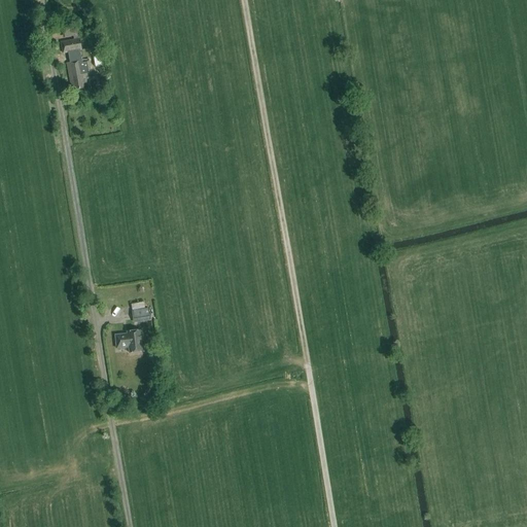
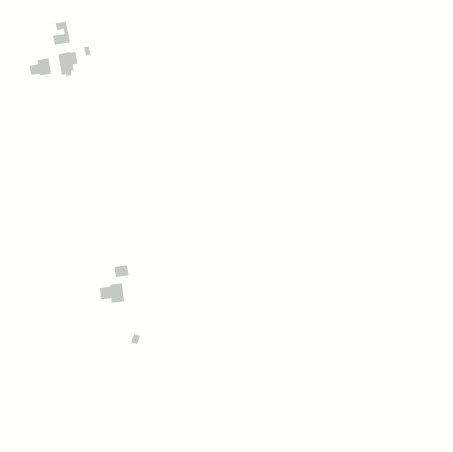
building: none -> [29,58,51,76]

